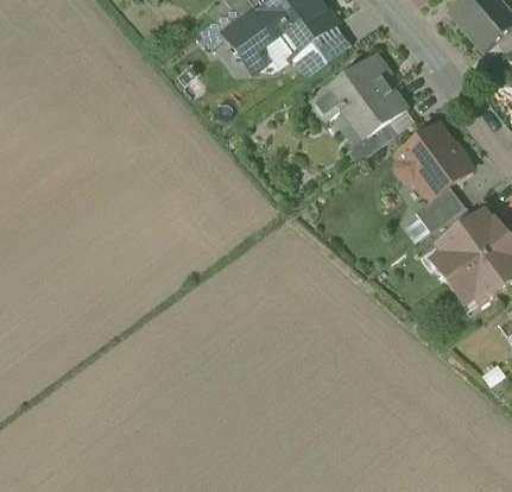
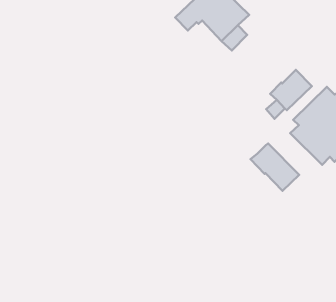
building: [394,125,469,198] -> none
building: none -> [251,144,299,191]

